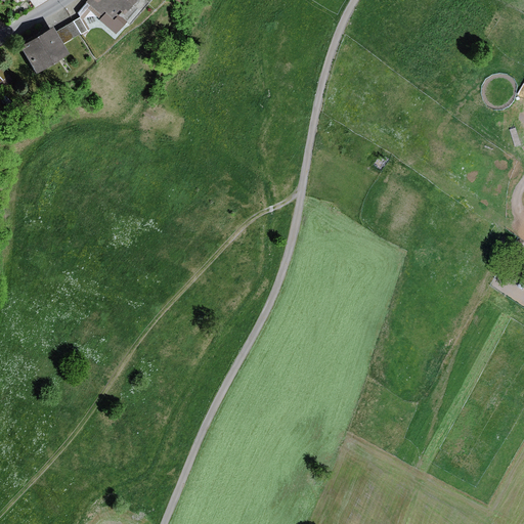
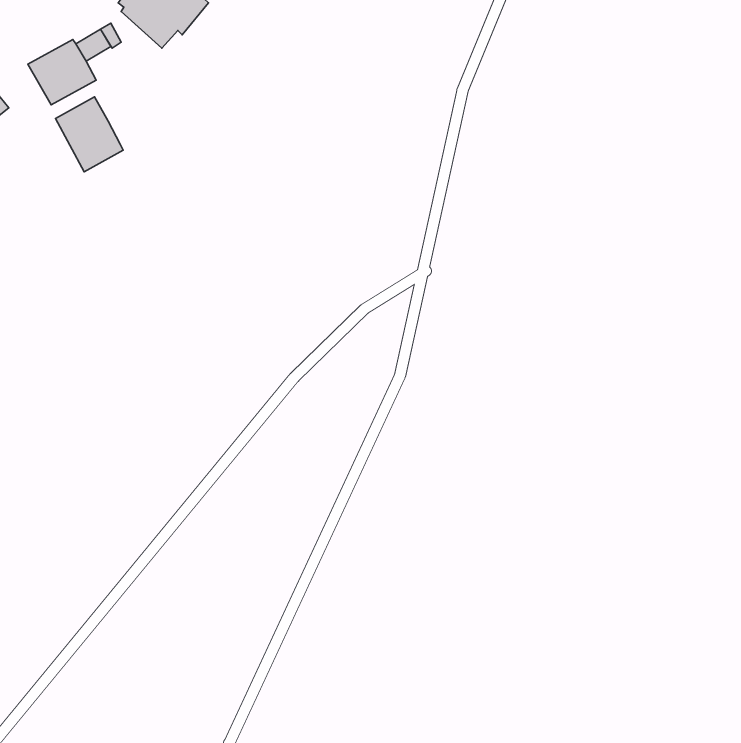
building: none -> [56,97,123,172]

